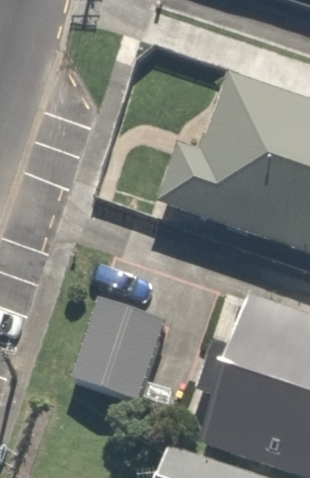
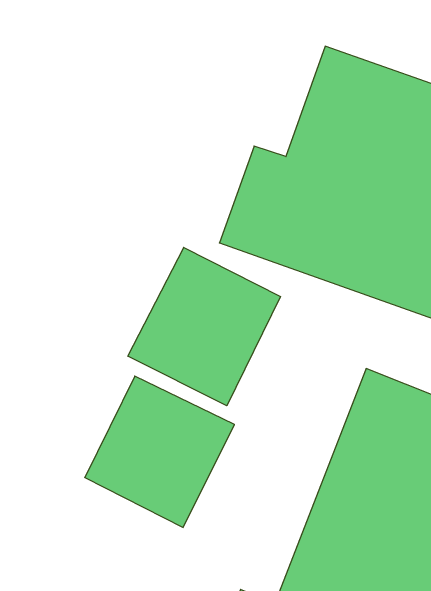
building: none -> [128,247,281,406]

